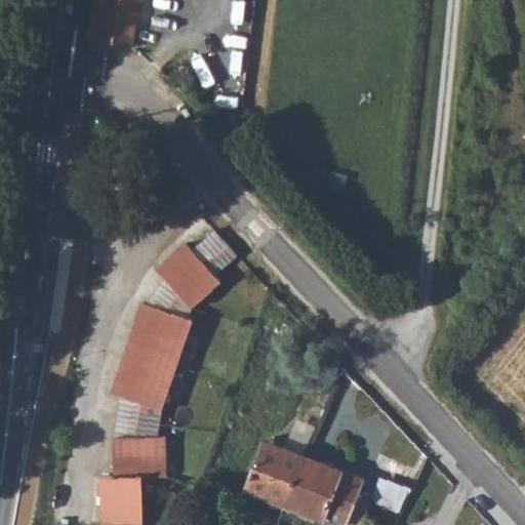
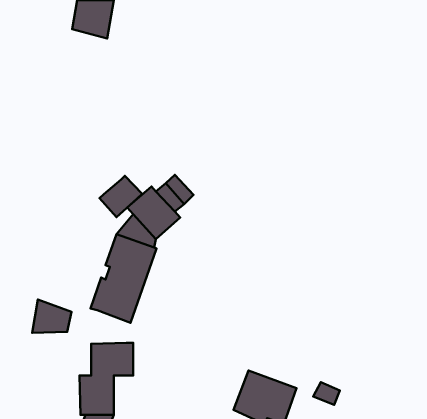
building: none -> [99,176,142,217]
building: [113,391,161,432] -> [32,299,71,333]
building: [248,451,306,513] -> none

